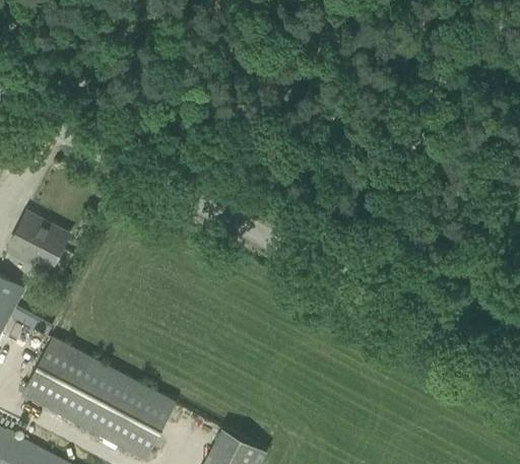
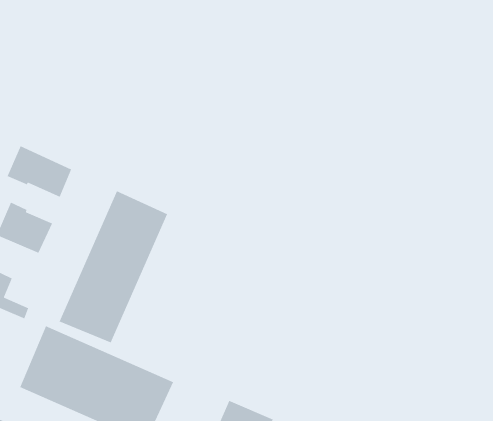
building: none -> [6,145,72,198]
building: none -> [59,190,168,343]

